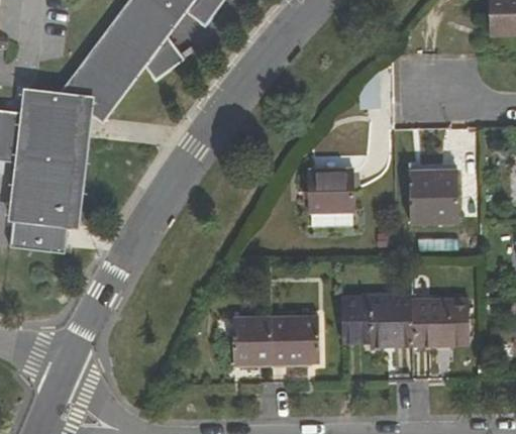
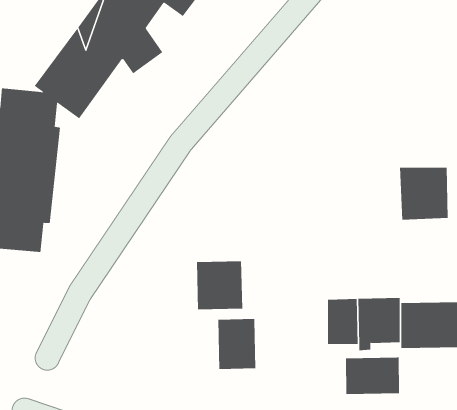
building: [309,172,354,212] -> none
building: [272,318,317,365] -> [196,261,243,310]
building: none -> [345,357,400,395]

